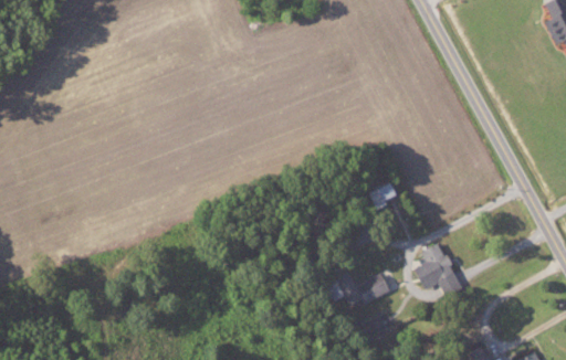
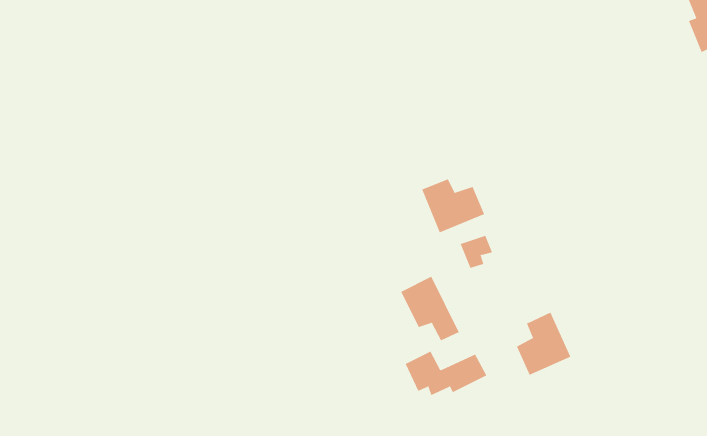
building: none -> [421,178,485,233]
building: none -> [400,276,460,341]

